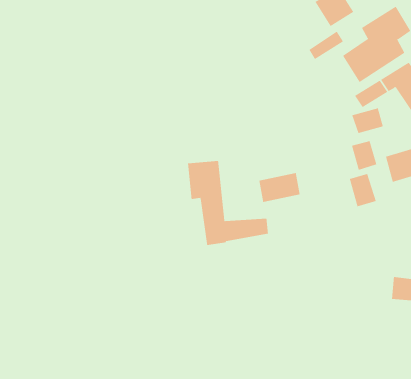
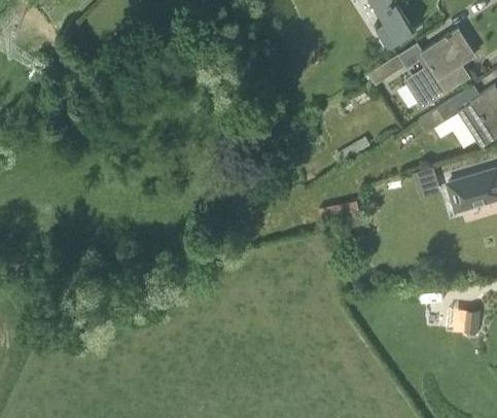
building: [352,107,384,134] -> none
building: [187,160,269,246] -> none
building: [349,173,376,207] -> none

